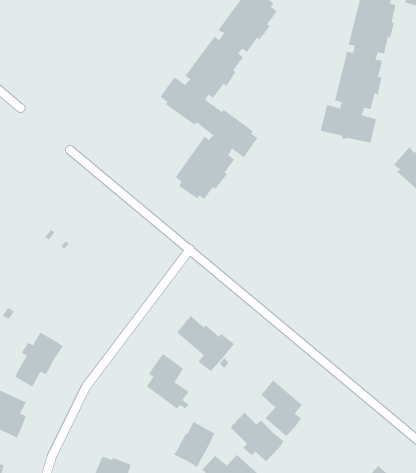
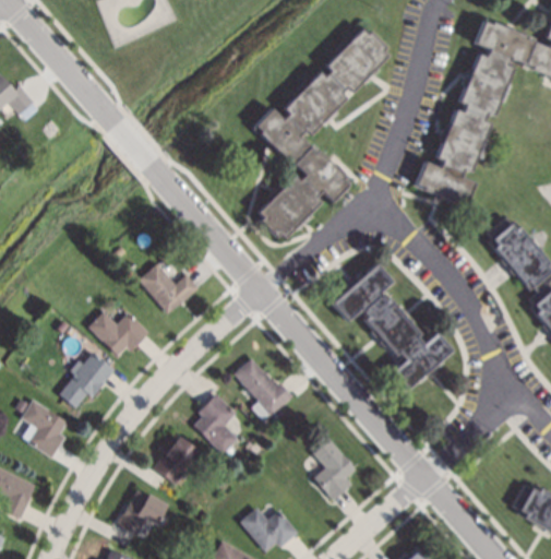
building: none -> [333,263,453,390]
building: none -> [139,263,199,313]
building: none -> [88,311,148,356]
building: [230,412,284,462] -> none
building: [173,421,215,468] -> [153,436,200,485]

